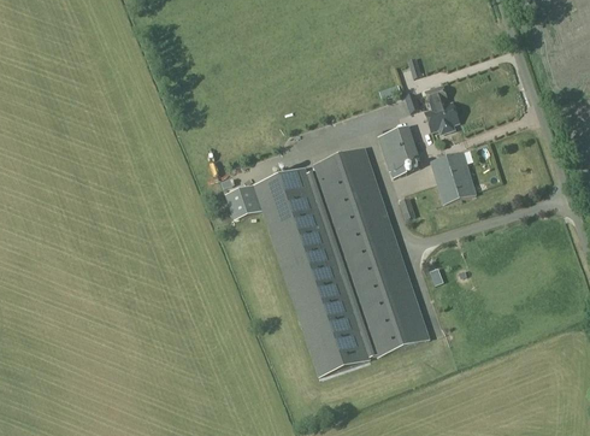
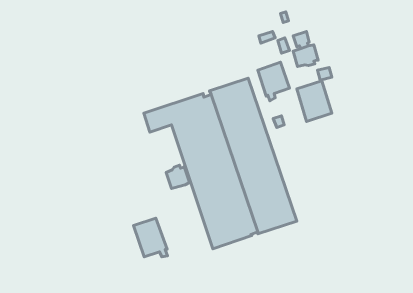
building: none -> [166,165,190,188]
building: none -> [134,218,168,257]

